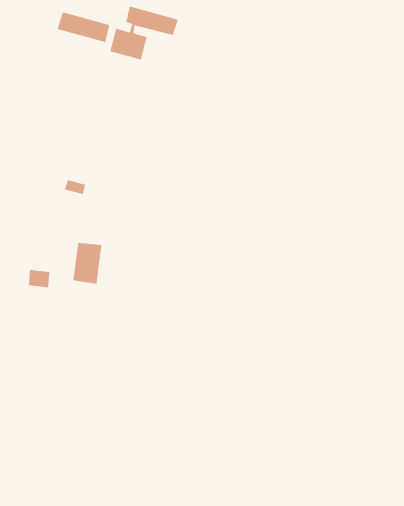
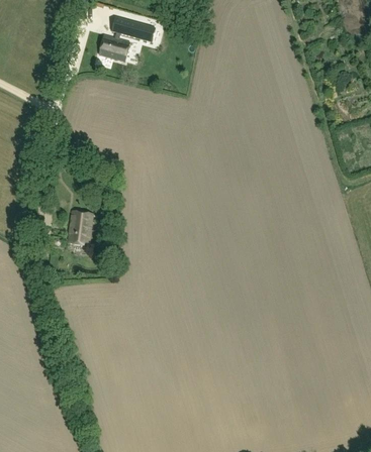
building: [57,12,110,43] -> none

